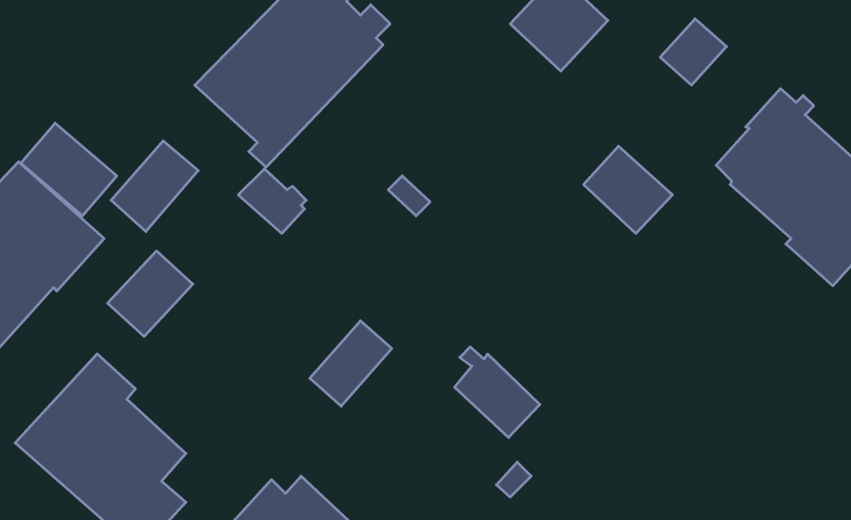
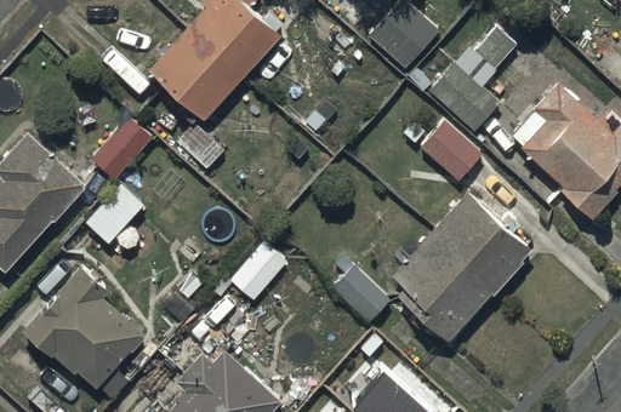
building: none -> [431,70,502,141]
building: [21,123,117,216] -> none
building: none -> [392,189,531,339]

